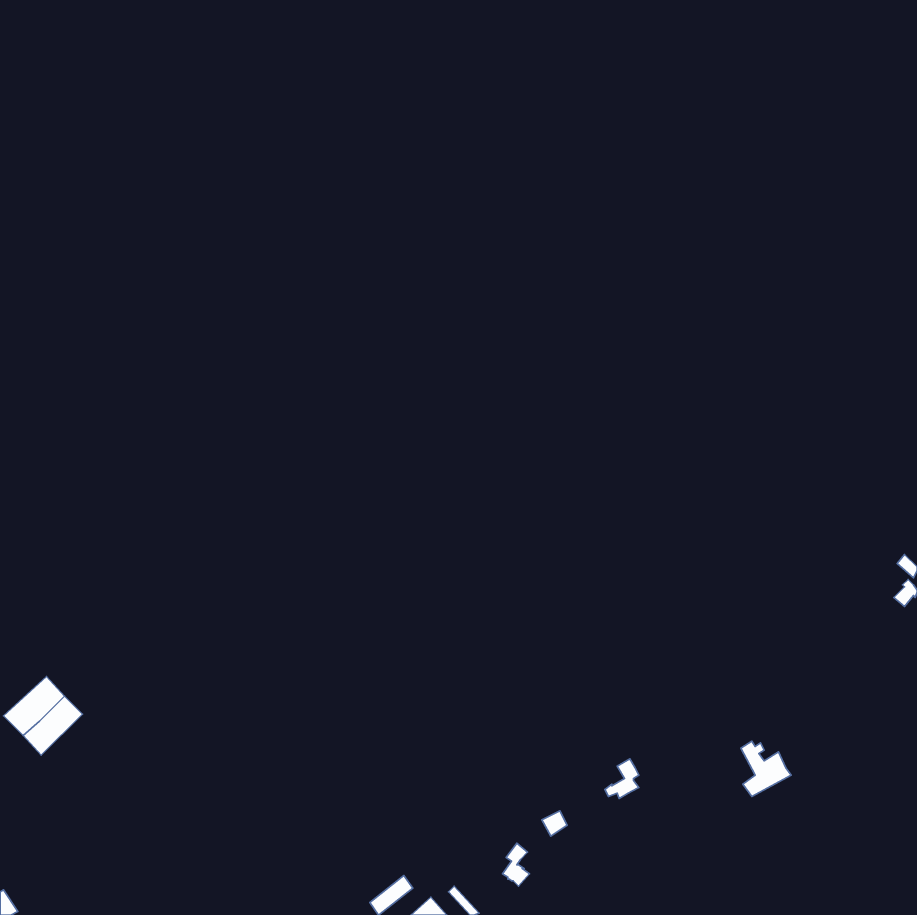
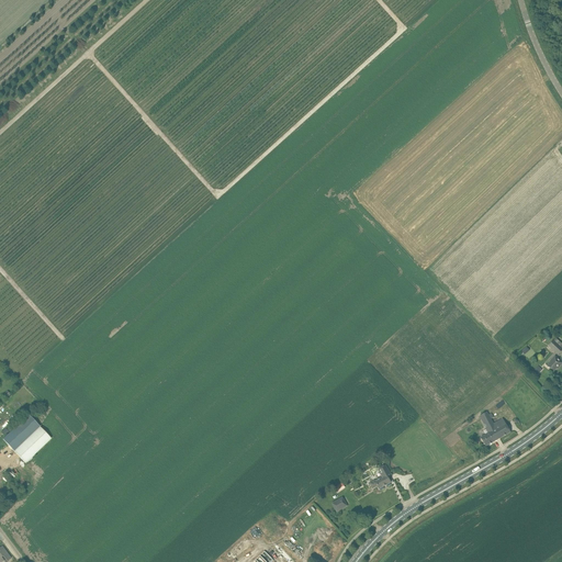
building: [741,741,791,797] -> [480,411,510,445]

